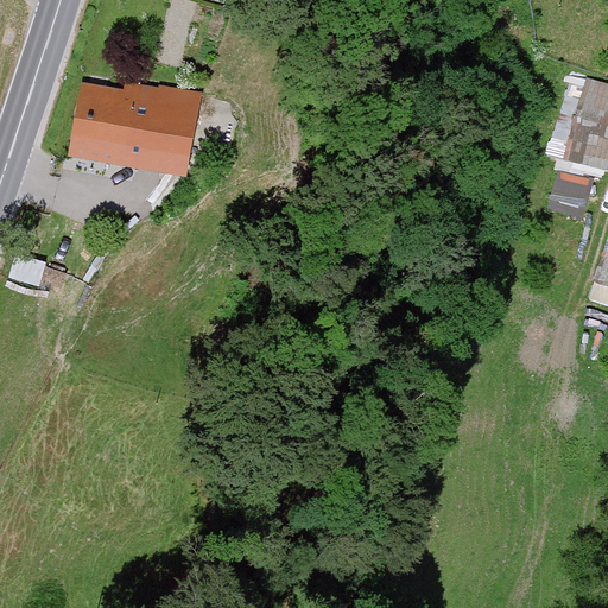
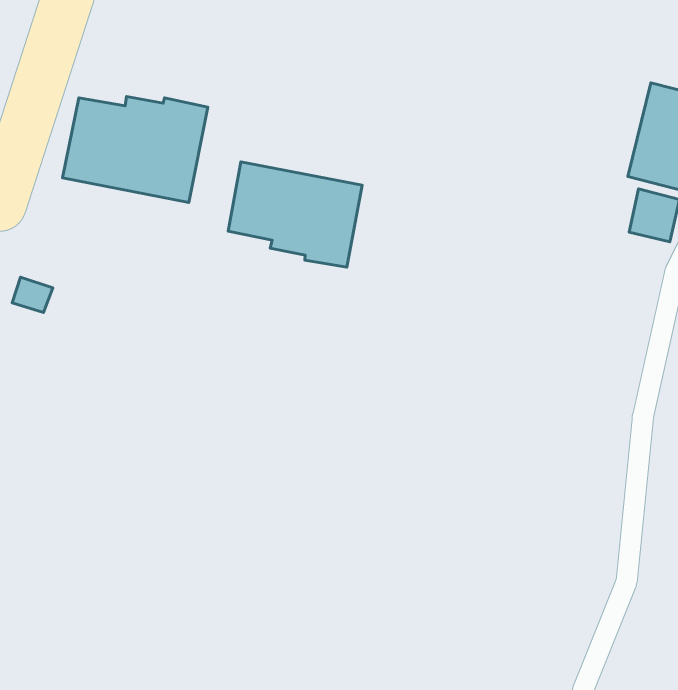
building: none -> [228,162,362,267]

